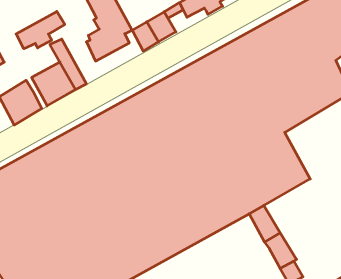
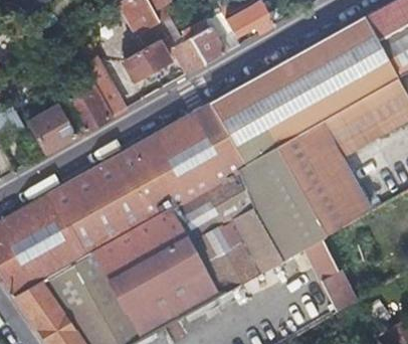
building: [16,11,65,49] -> none

